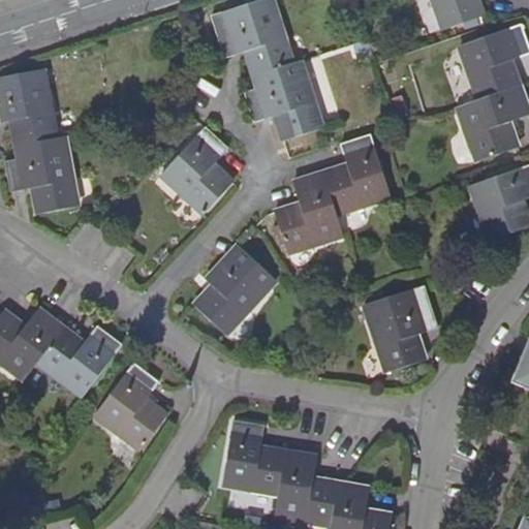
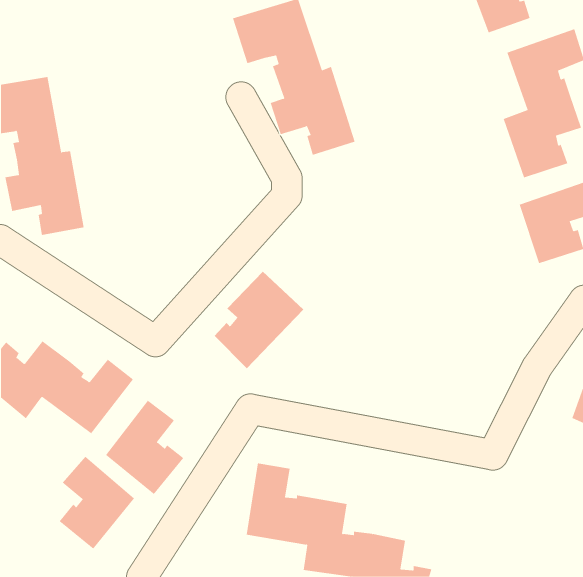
building: [161,127,232,213] -> none
building: [274,135,390,253] -> none
building: [364,285,436,371] -> none
building: none -> [59,456,135,550]

